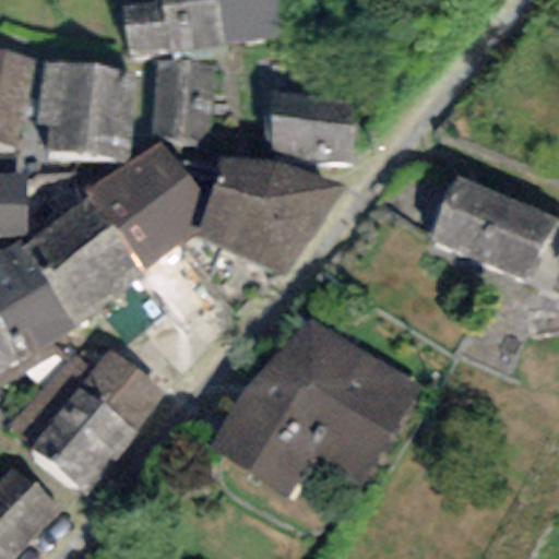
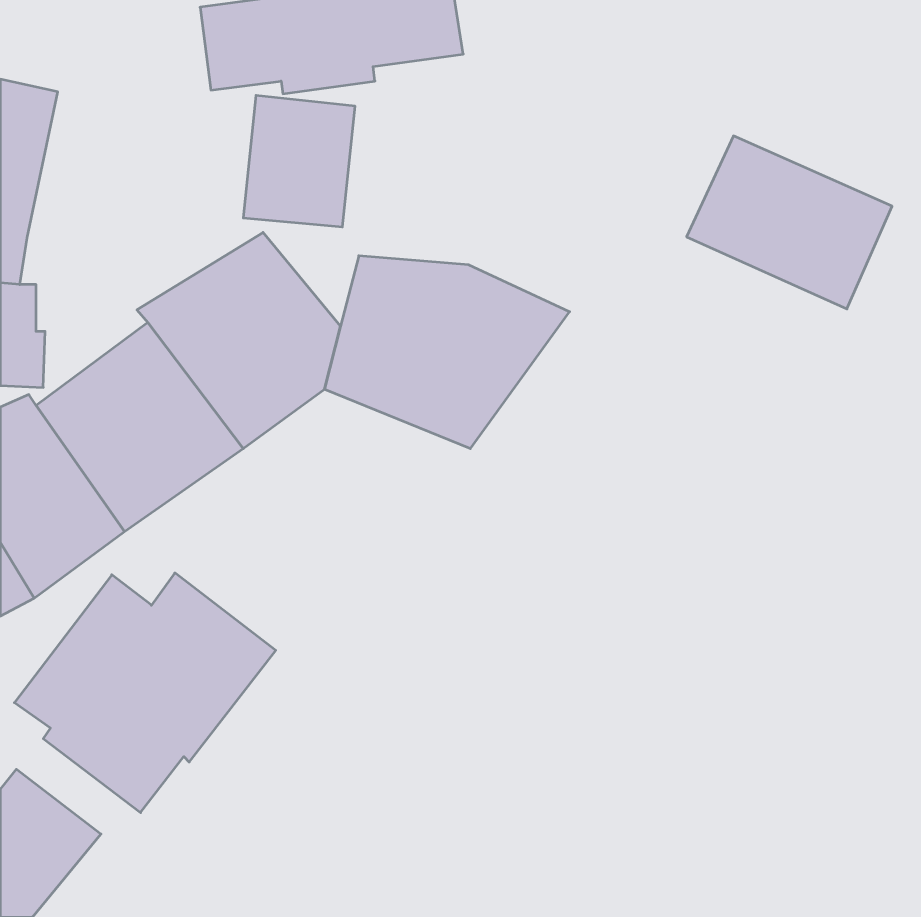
building: [35,59,134,163] -> none
building: [263,92,357,159] -> none
building: [428,175,552,280] -> [687,136,892,309]
building: [212,311,421,499] -> none

